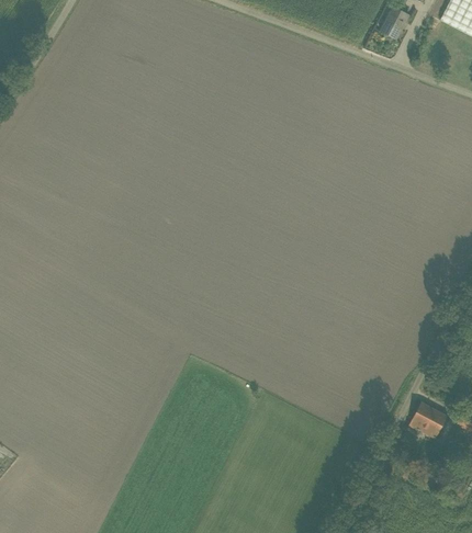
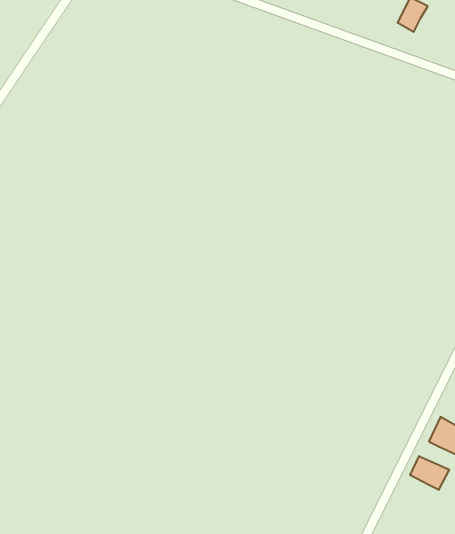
building: none -> [410,456,449,490]

